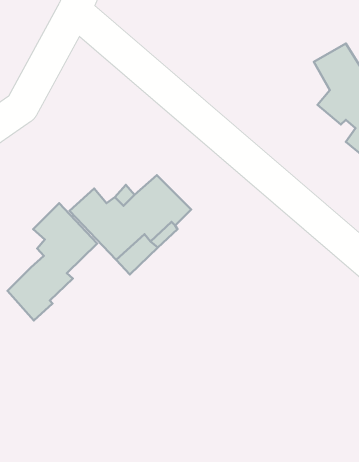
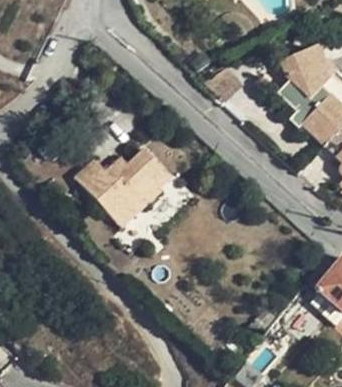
building: [8,203,97,321] -> none

